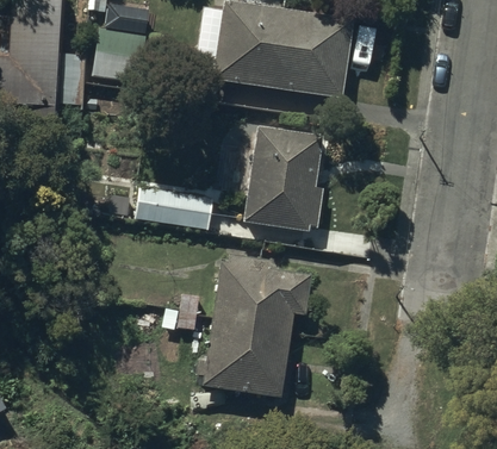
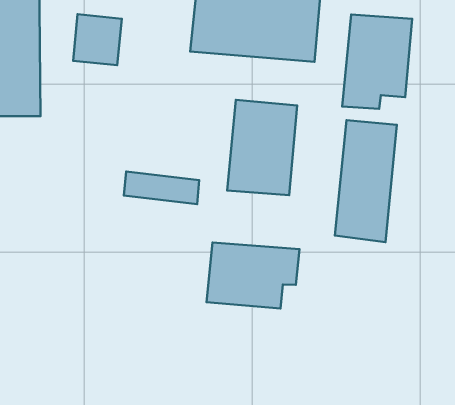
building: none -> [342,14,412,109]
building: none -> [335,120,397,242]
building: [206,328,290,399] -> none

